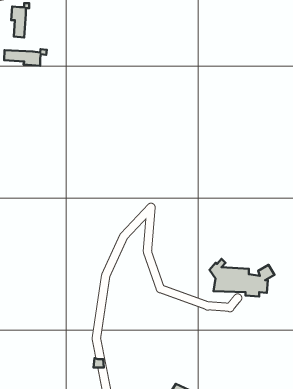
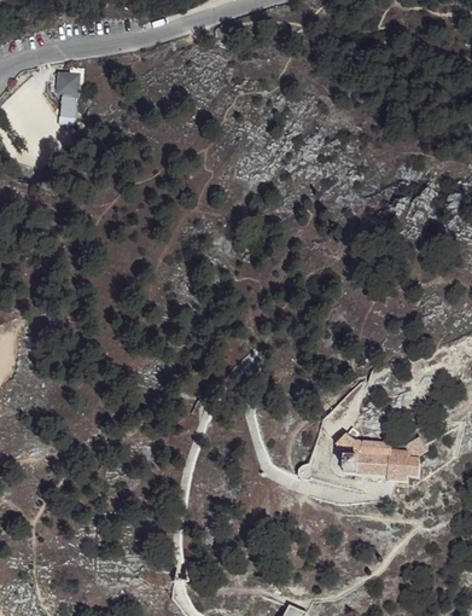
building: [4,49,47,66] -> none

